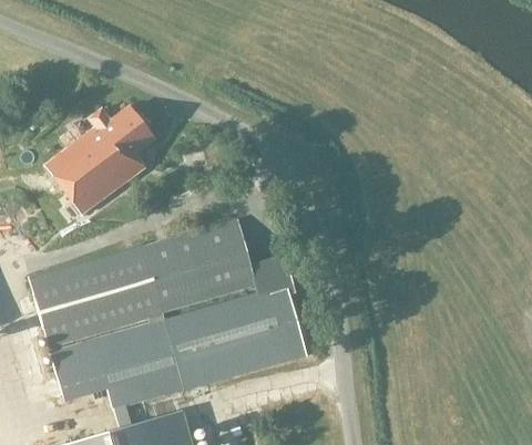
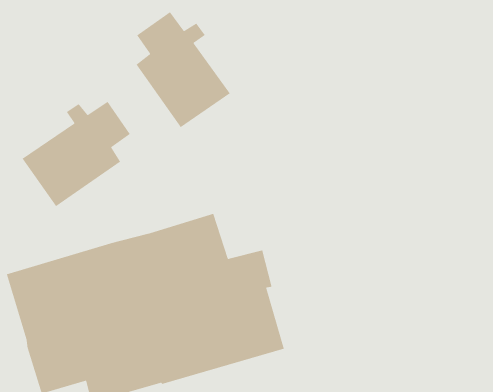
building: none -> [135,11,231,128]

